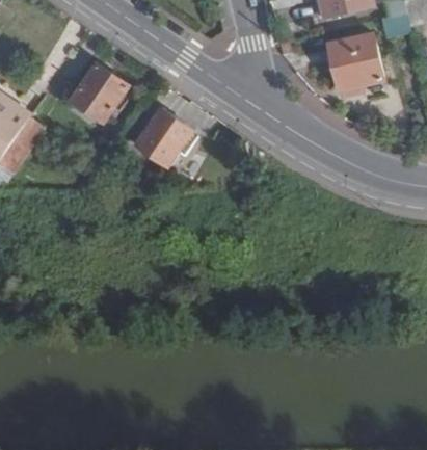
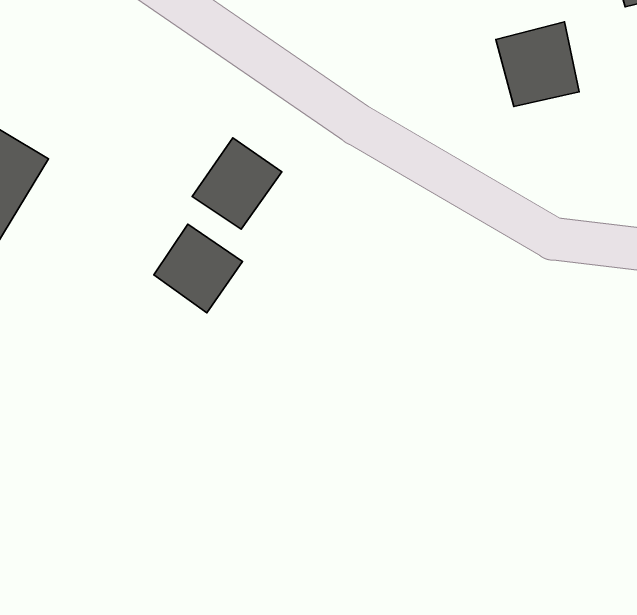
building: [70,63,128,122] -> none
building: none -> [154,224,242,313]

